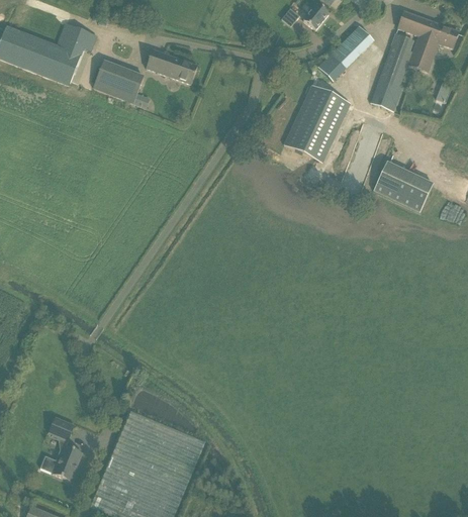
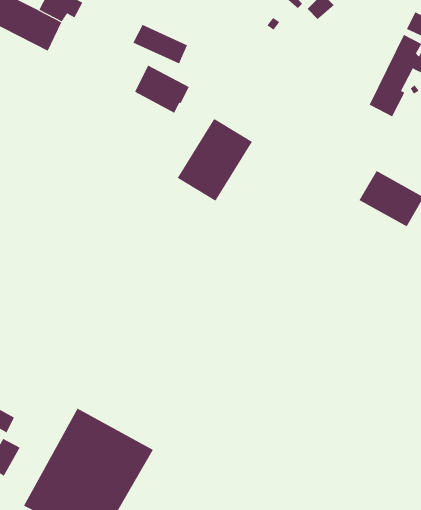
building: [315,25,373,82] -> none
building: [94,61,145,103] -> [134,65,189,114]
building: [284,85,351,162] -> [177,118,253,201]

